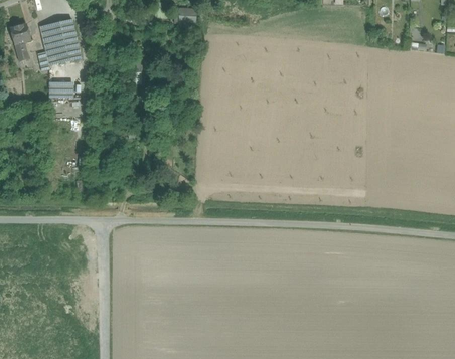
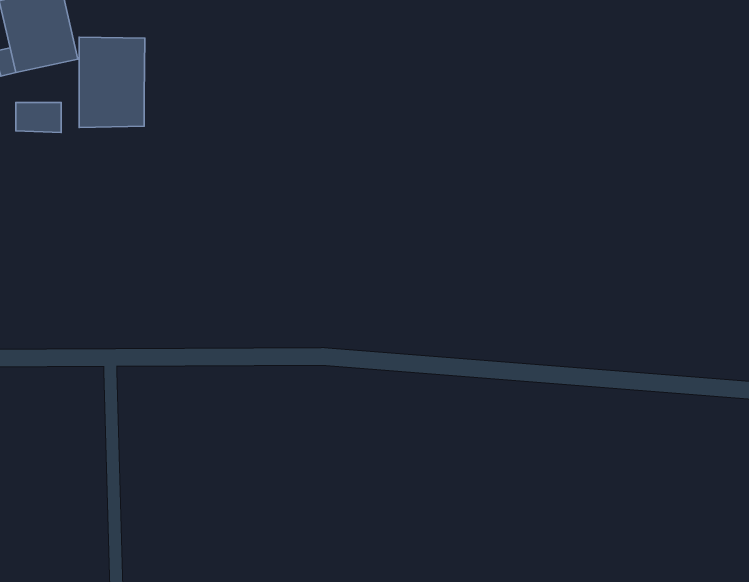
building: none -> [79,37,145,128]

